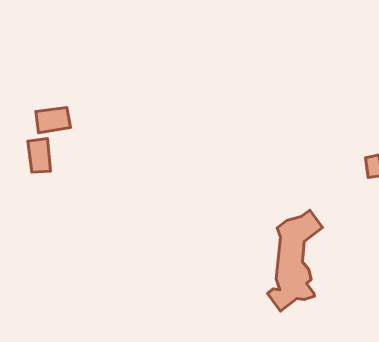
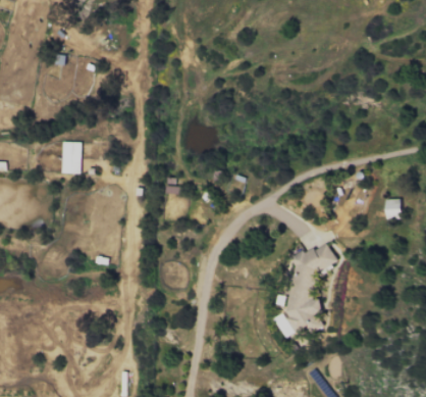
building: [36,108,70,133] -> none

